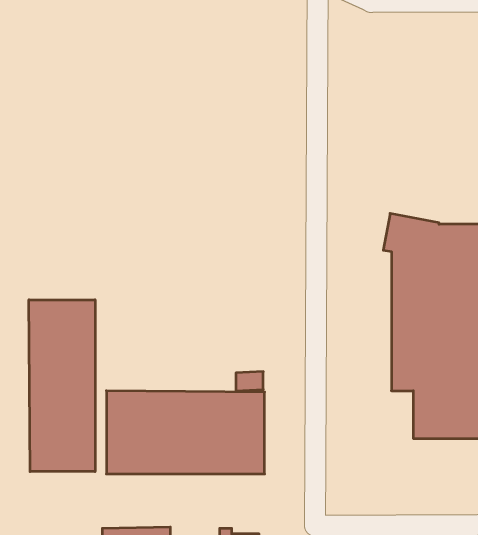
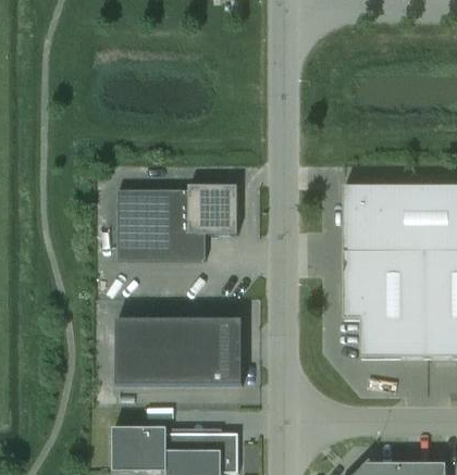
building: none -> [116,186,237,261]
building: [29,300,95,472] -> none

